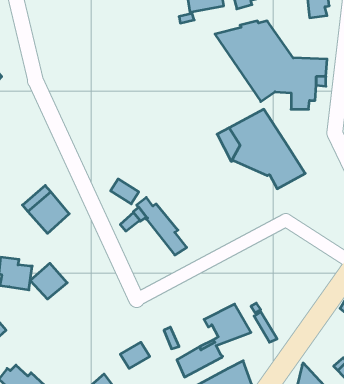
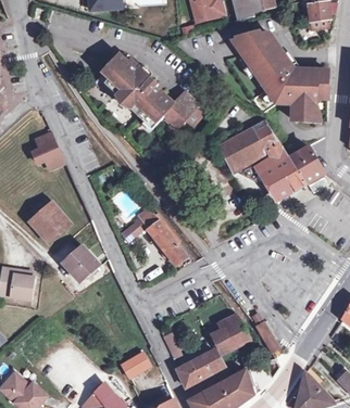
building: none -> [86,53,199,128]
building: none -> [33,132,65,169]
building: none -> [289,145,324,183]
building: [30,263,67,299] -> [63,245,100,281]

